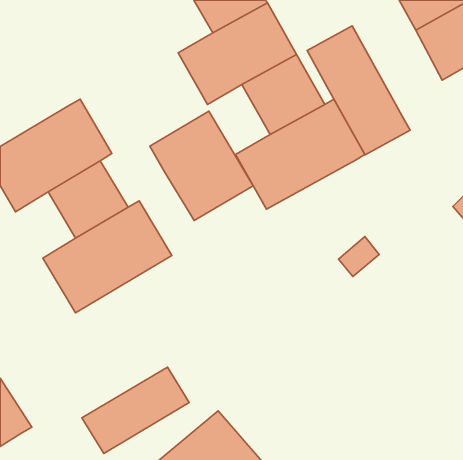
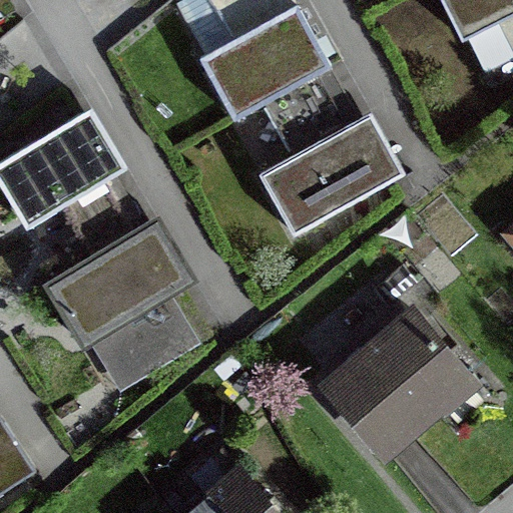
building: [307,26,410,155] -> none
building: [150,111,253,221] -> none
building: none -> [320,298,485,458]
building: [82,367,189,453] -> [85,294,203,389]

